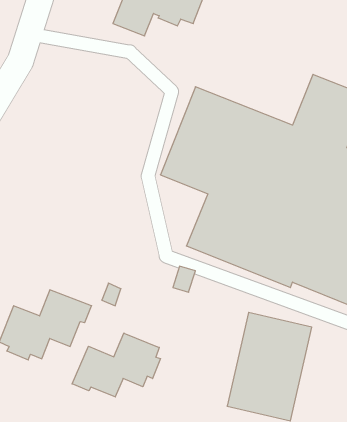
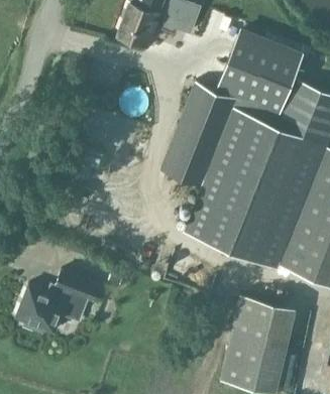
building: none -> [216,34,302,116]
building: [72,333,160,397] -> none

